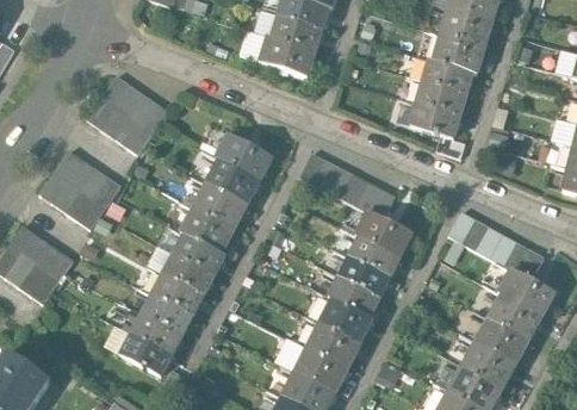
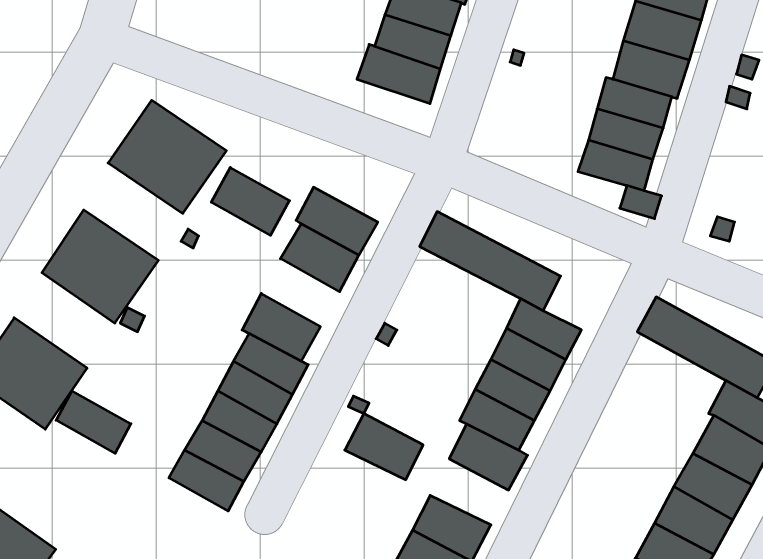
building: [190,185,243,231] -> [211,167,290,235]
building: [305,322,359,367] -> [345,414,423,480]
building: [116,335,167,378] -> [56,391,131,453]

